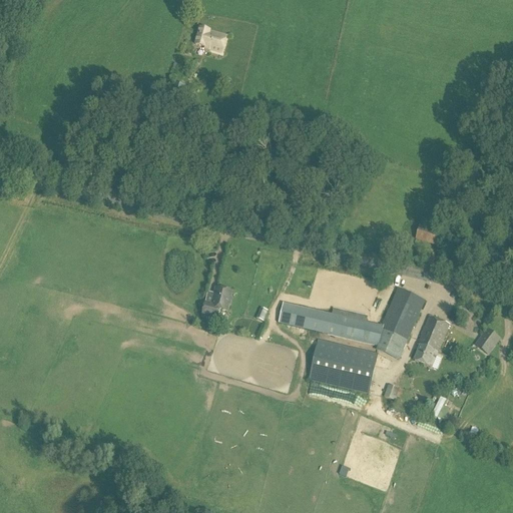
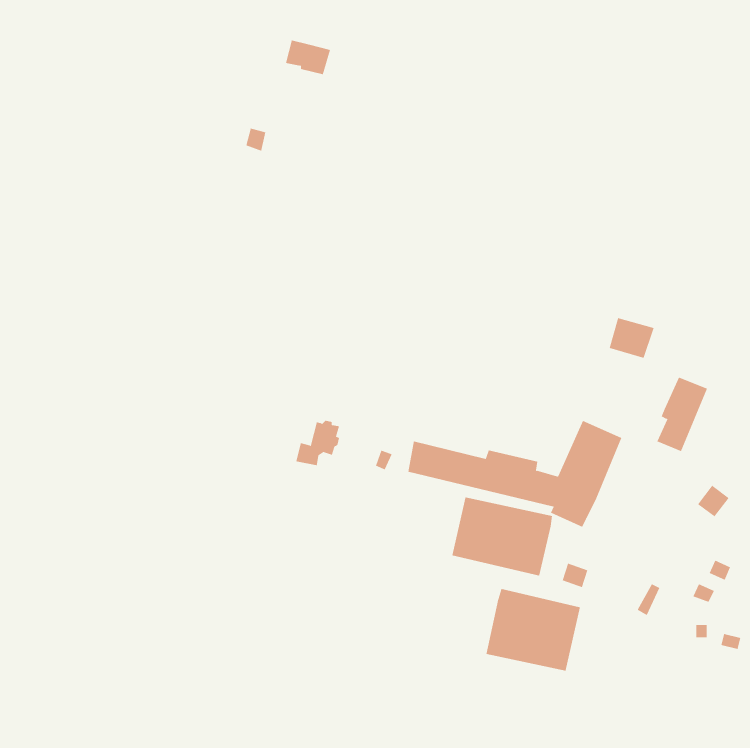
building: [414,316,449,367] -> [656,377,708,452]
building: none -> [486,588,580,672]

